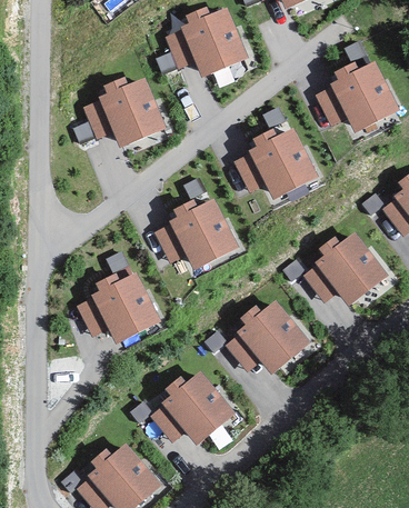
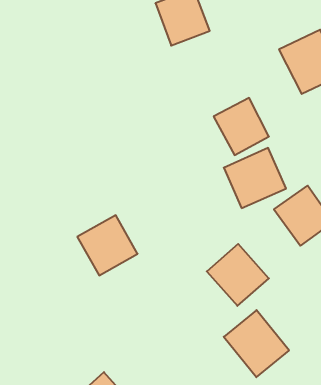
building: [100,73,171,141] -> none
building: [166,201,236,269] -> [224,148,286,208]
building: [158,369,231,445] -> [224,310,289,377]

